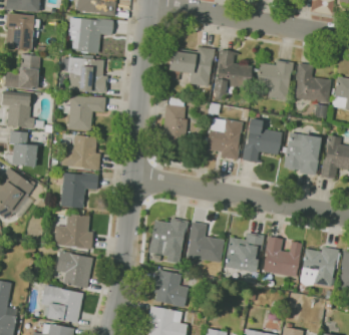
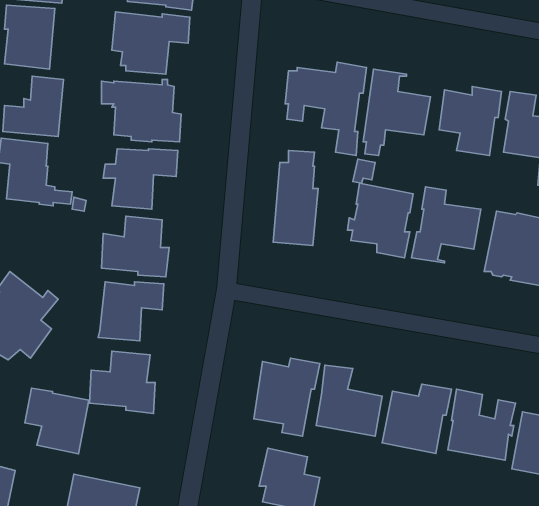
building: [9,130,38,168] -> none
building: [56,251,93,289] -> [25,388,89,454]

